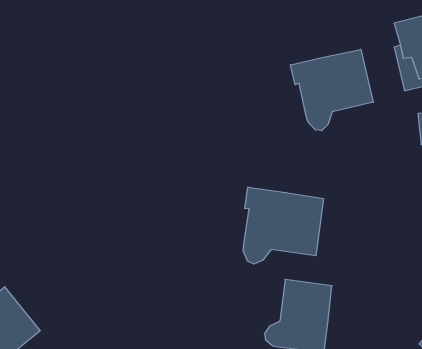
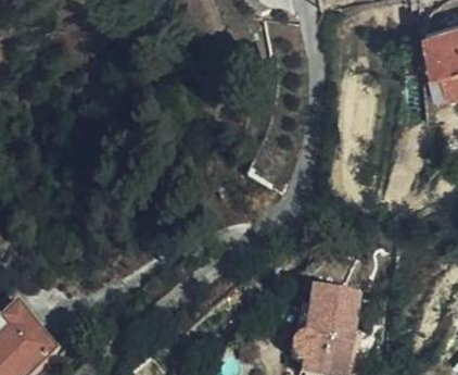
building: [291,49,373,131] -> none
building: [243,187,323,264] -> none

